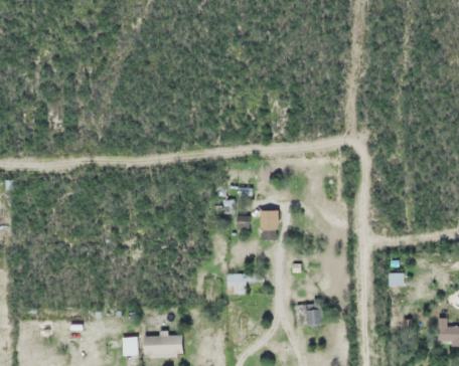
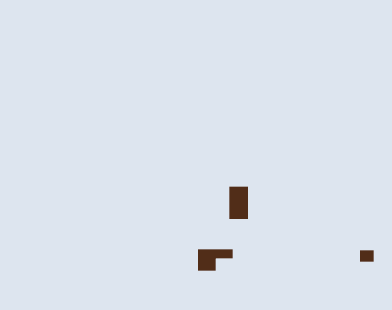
building: [302,300,325,328] -> none

